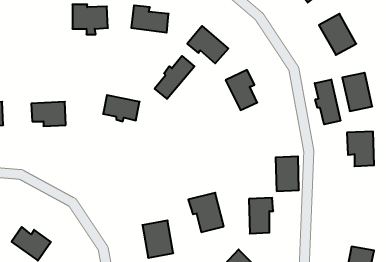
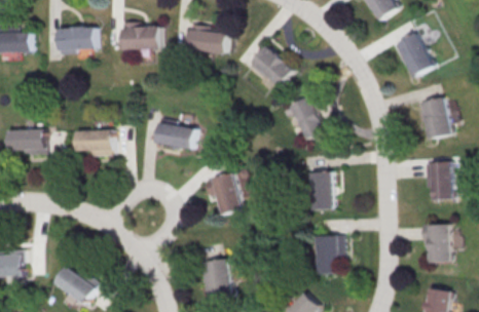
building: none -> [58,28,96,54]
building: [155,56,194,99] -> none
building: [315,79,340,124] -> none
building: [276,156,299,191] -> [307,172,333,210]
building: none -> [420,224,451,263]
building: [188,193,224,232] -> [204,173,243,217]

